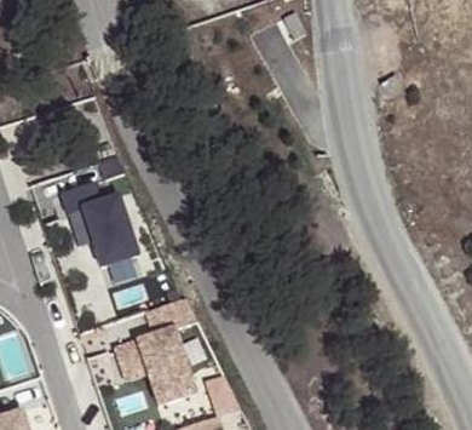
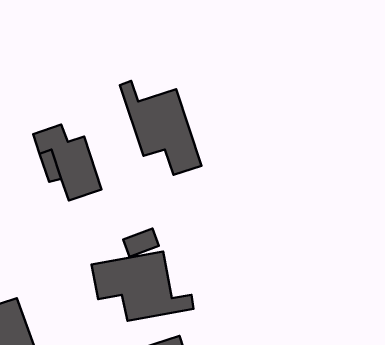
building: none -> [120,81,202,175]

